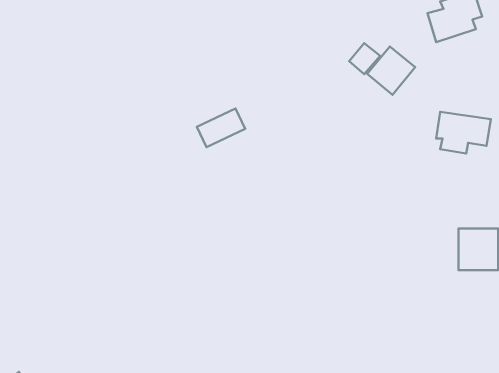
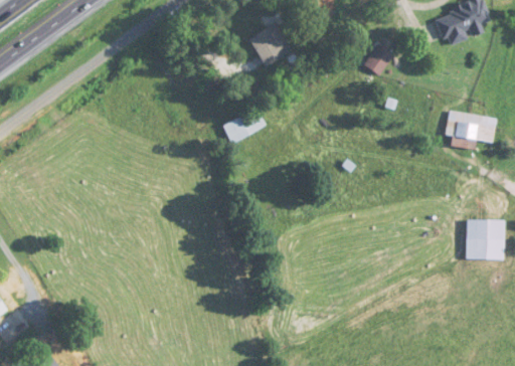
building: none -> [248,22,293,67]
building: [367,47,415,95] -> none

